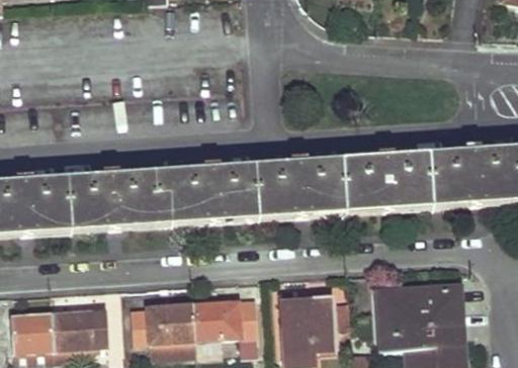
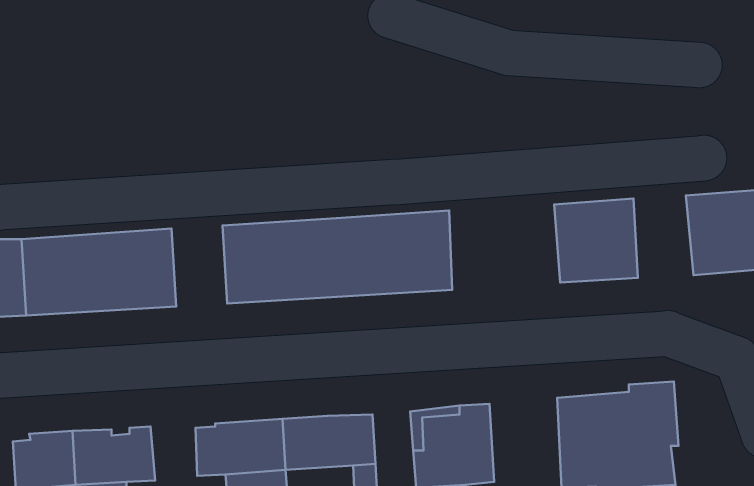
building: [429,152,469,207] -> none
building: [305,158,379,215] -> none
building: [117,172,155,226] -> none

